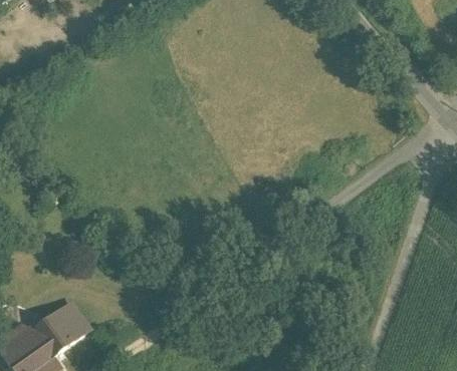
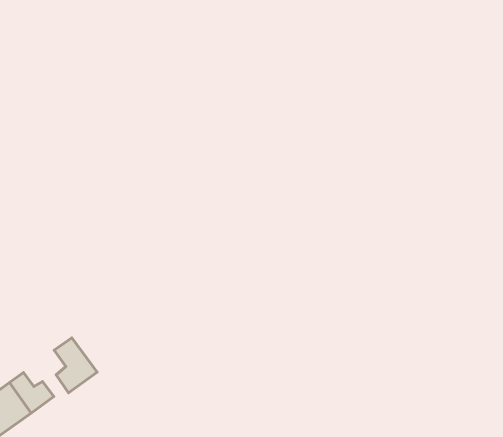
building: none -> [54,338,97,393]

